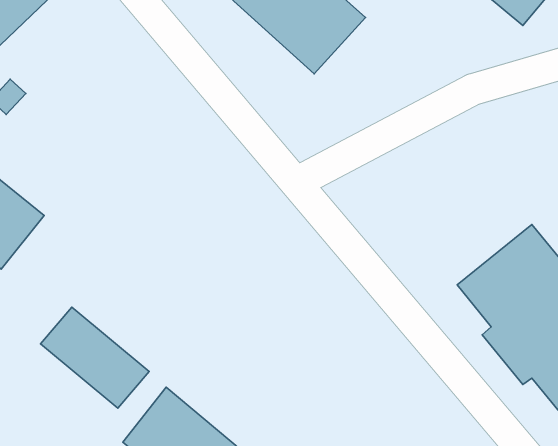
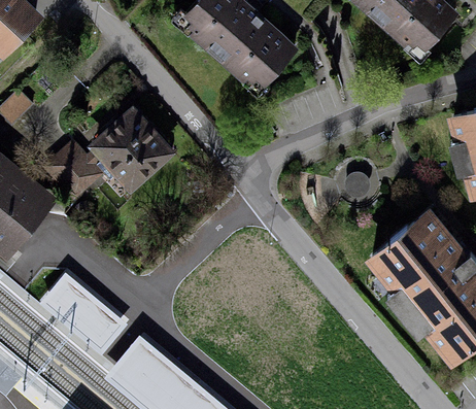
building: none -> [46,113,168,196]

